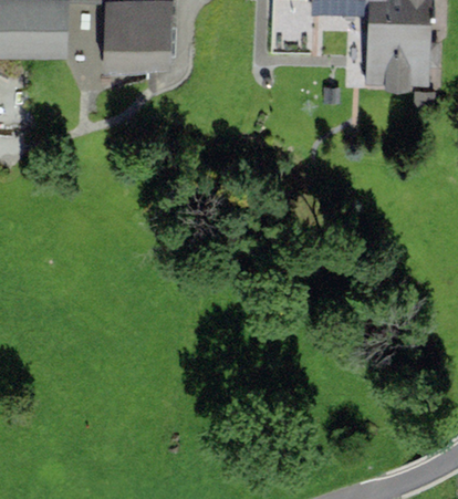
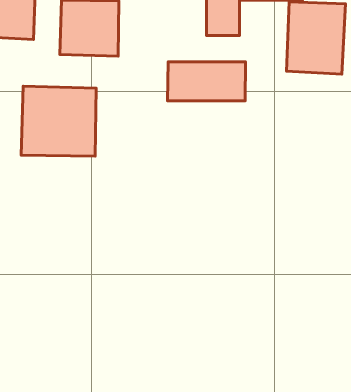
building: none -> [168,62,246,101]
building: none -> [21,86,96,156]

